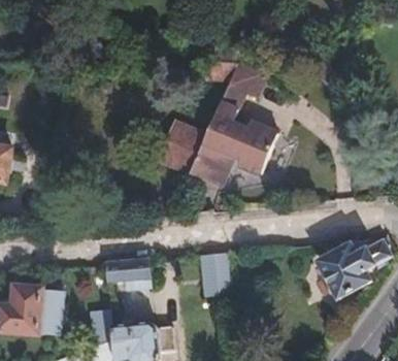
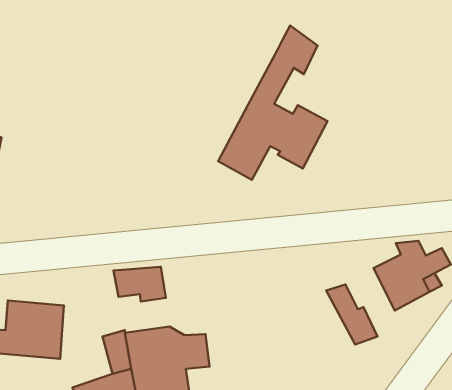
building: [171,112,215,169] -> none
building: [197,254,229,300] -> none
building: none -> [326,284,377,345]

